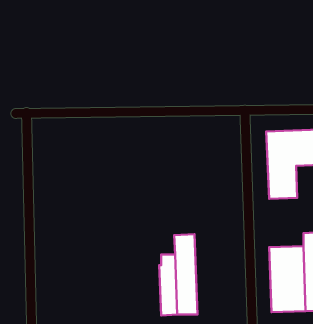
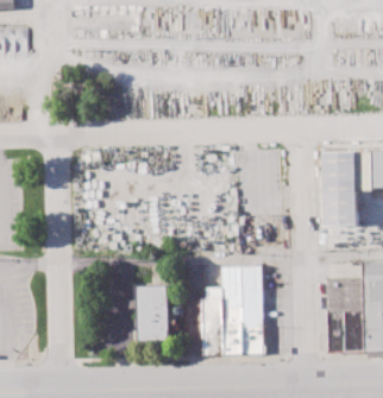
building: none -> [241,264,264,354]
building: none -> [137,286,169,345]

